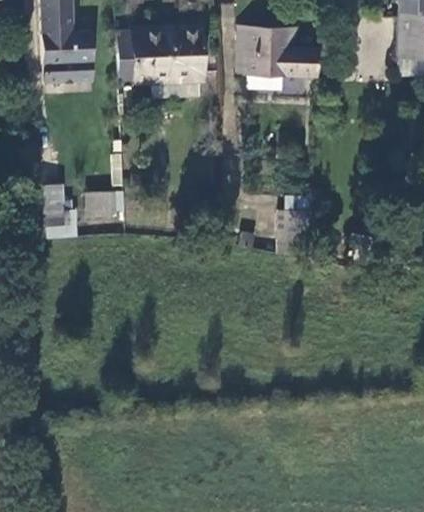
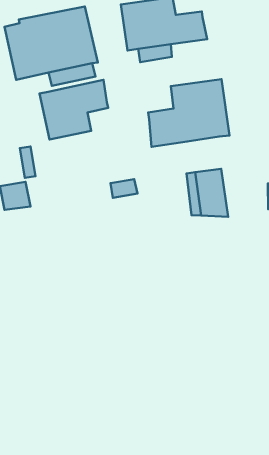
building: none -> [40,80,108,140]
building: none -> [148,79,229,147]

